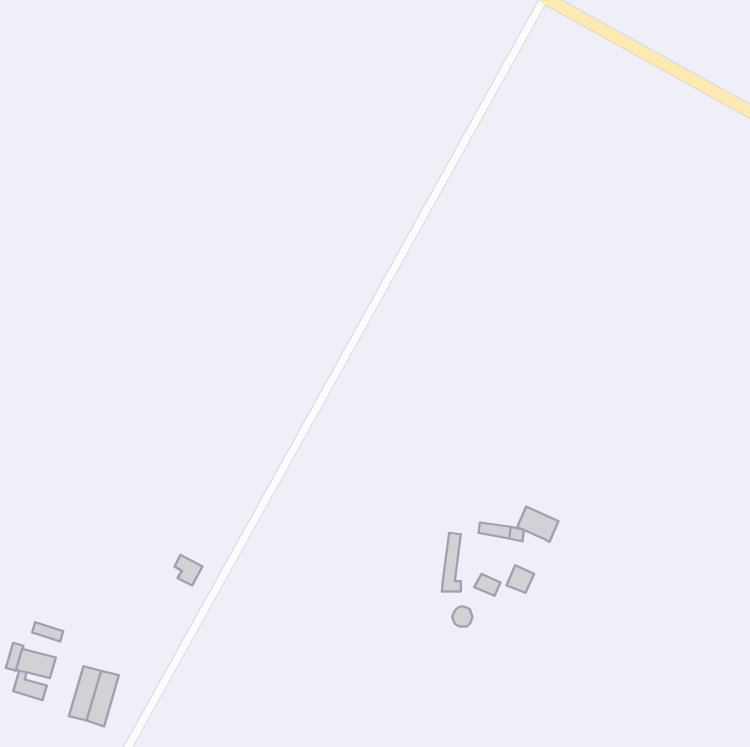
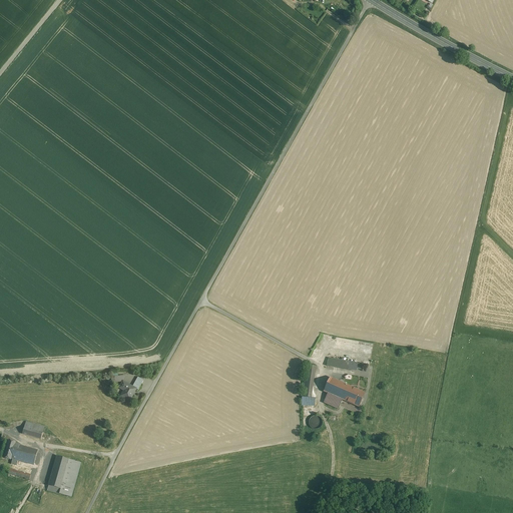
building: [517,507,558,542] -> [324,376,352,400]

